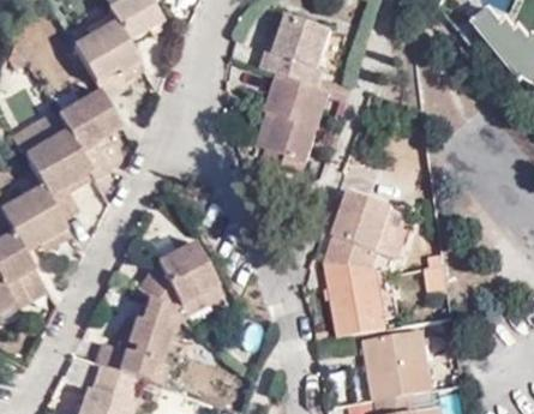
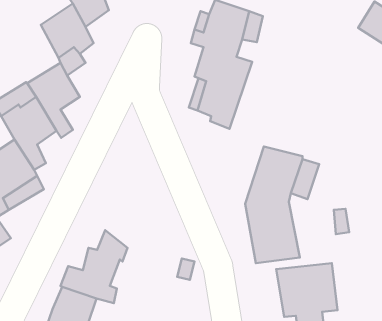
building: [137,241,218,316] -> none

